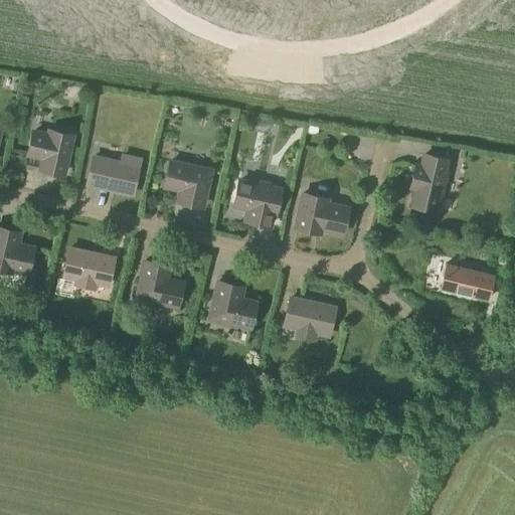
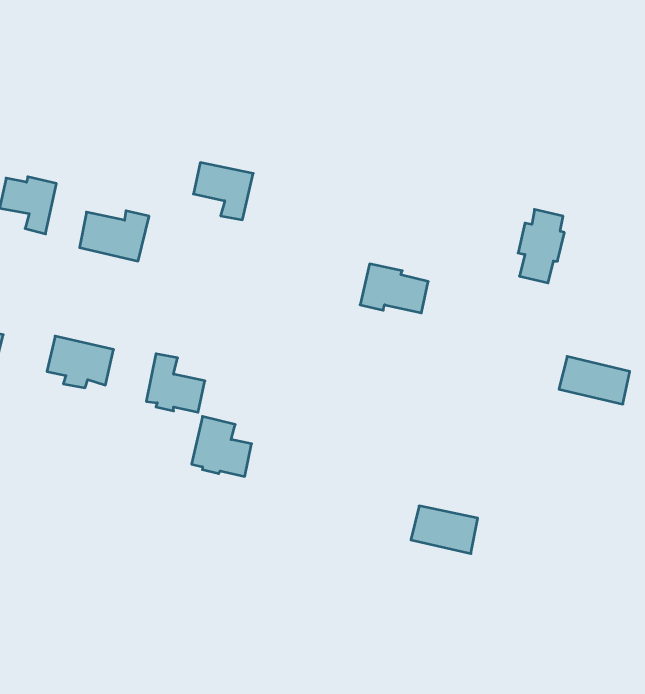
building: [167,163,211,205] -> [193,163,253,220]
building: [236,181,281,225] -> none
building: [211,283,255,327] -> [192,416,252,476]
building: [286,300,335,335] -> [411,506,478,554]

